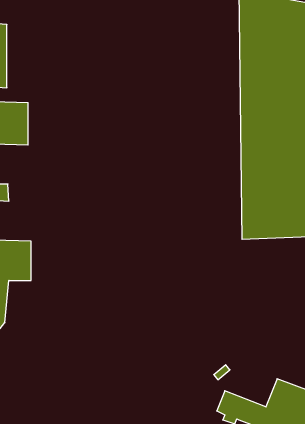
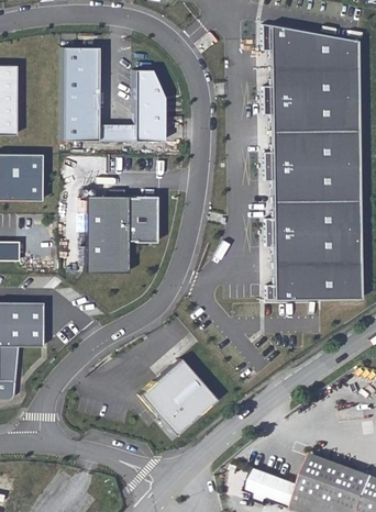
building: none -> [62,47,165,141]
building: none -> [90,197,161,272]
building: none -> [140,358,217,435]

